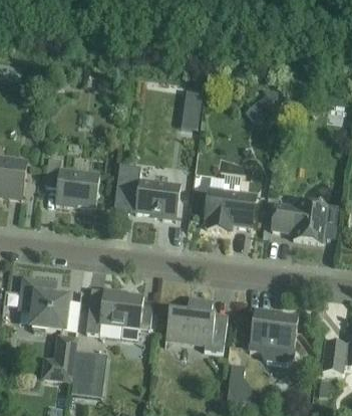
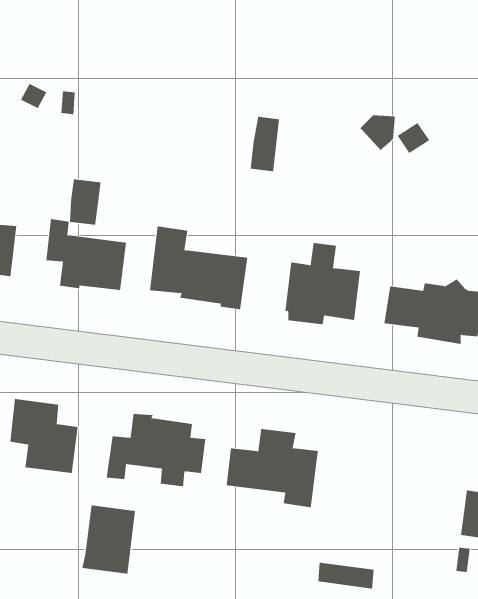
building: none -> [70,178,101,225]
building: [249,307,298,362] -> none
building: [40,337,76,383] -> none

